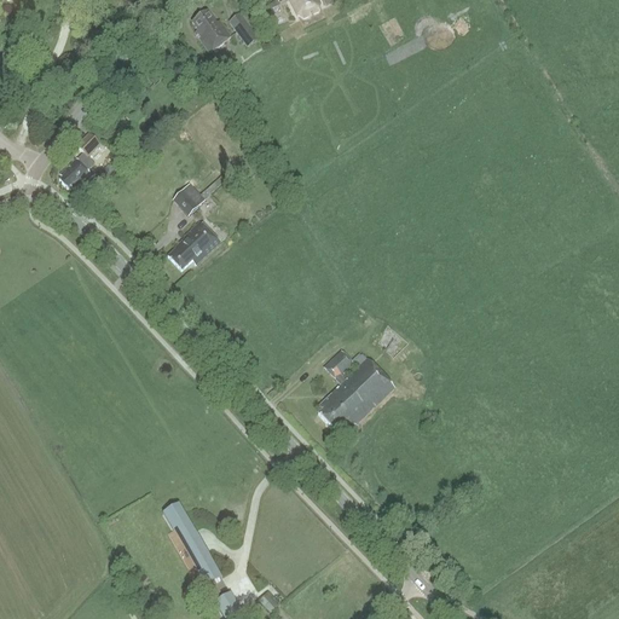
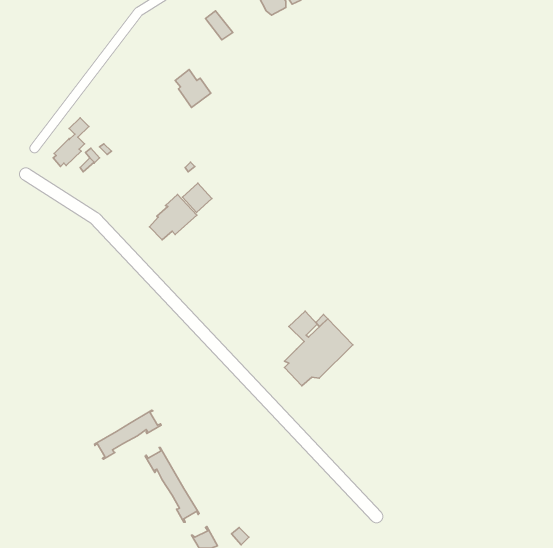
building: [191,8,231,51] -> [175,70,211,107]
building: [173,181,206,214] -> [183,183,212,212]
building: none -> [94,410,161,459]

